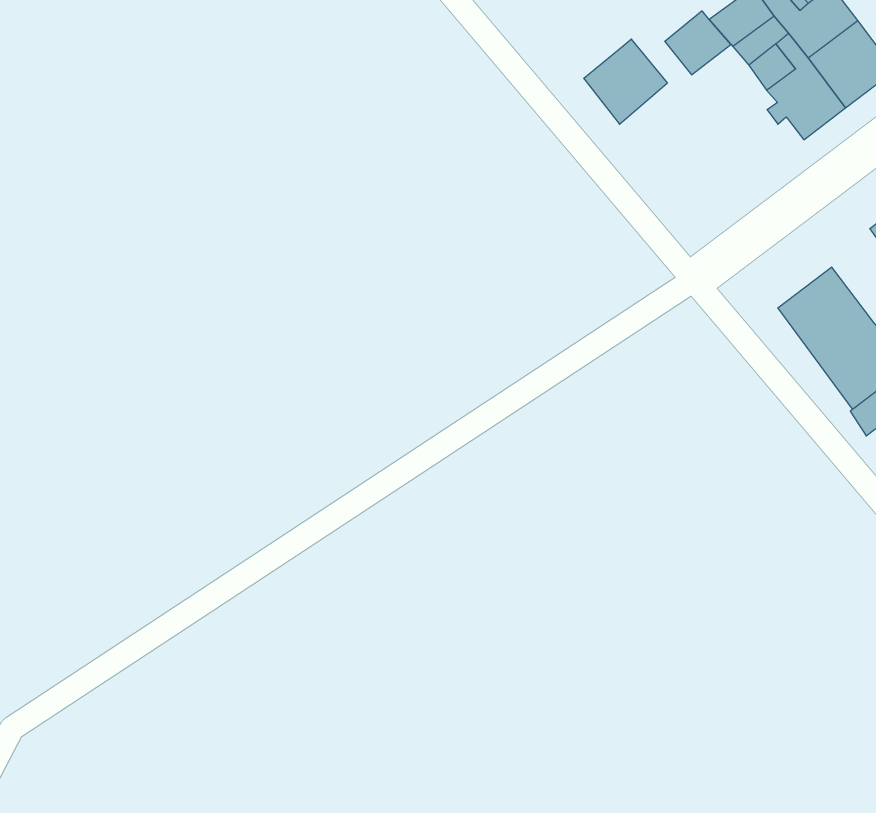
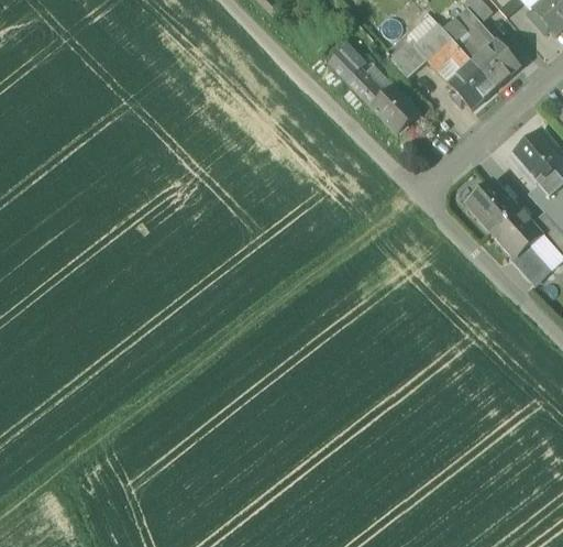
building: none -> [328,43,368,83]
building: none -> [369,81,423,135]

